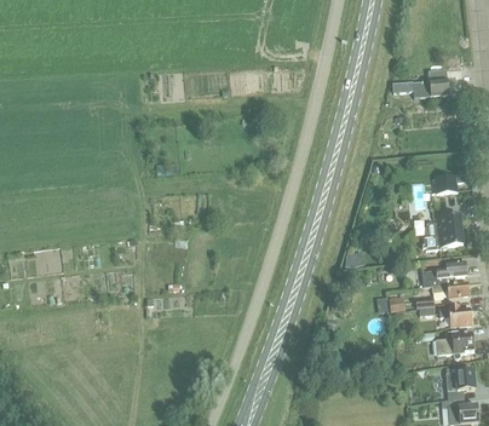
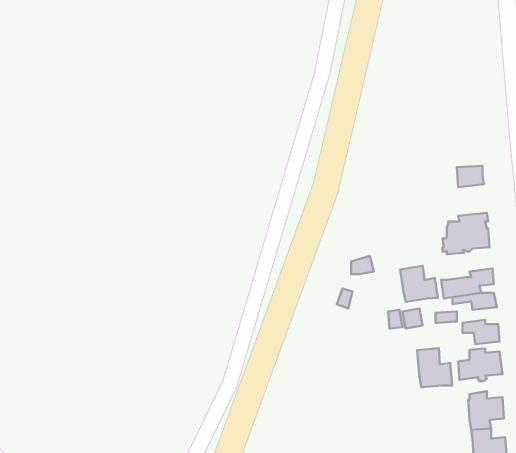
building: [393,68,450,97] -> none
building: none -> [400,266,438,302]
building: none -> [417,348,452,387]

